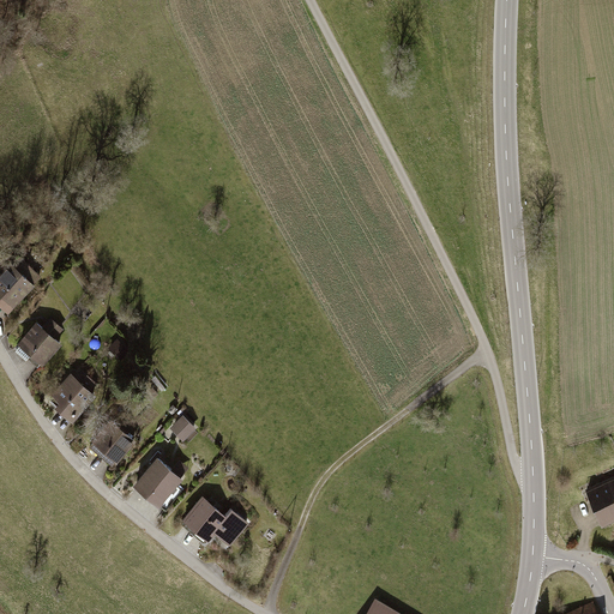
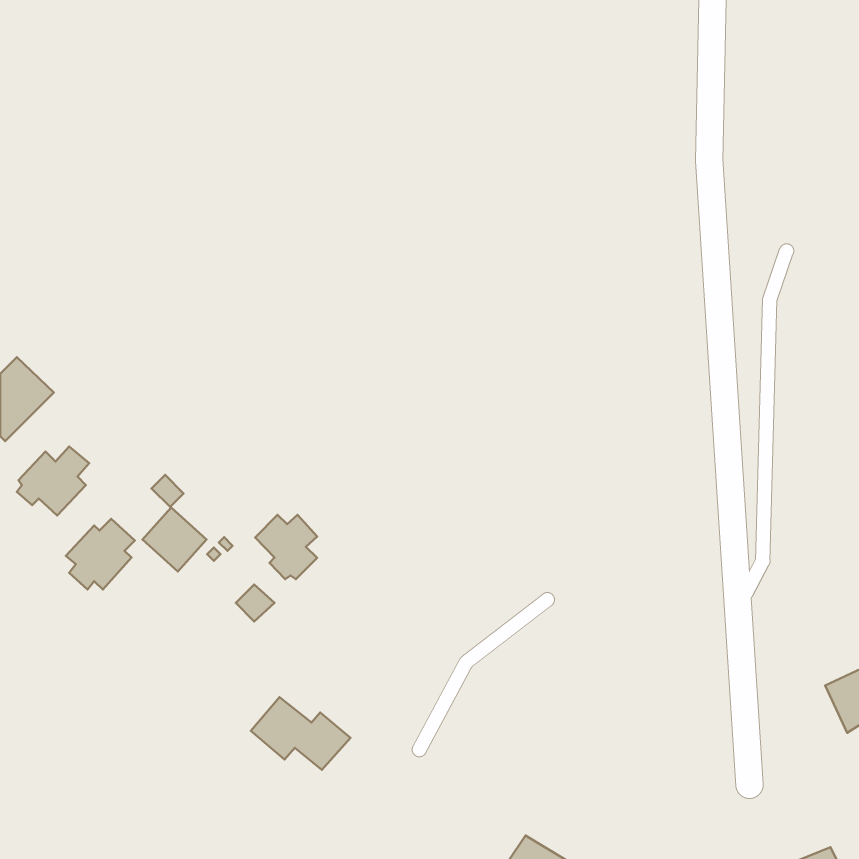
building: none -> [255,515,317,579]
building: [86,421,132,466] -> [142,508,206,572]
building: [130,458,189,508] -> none

